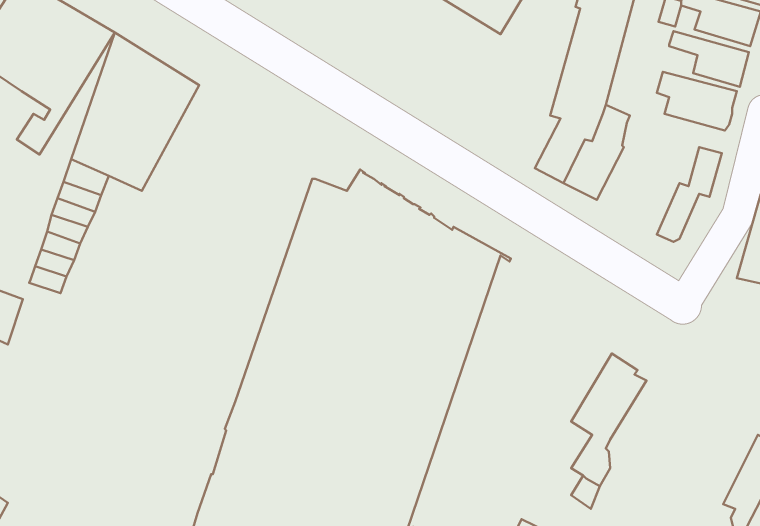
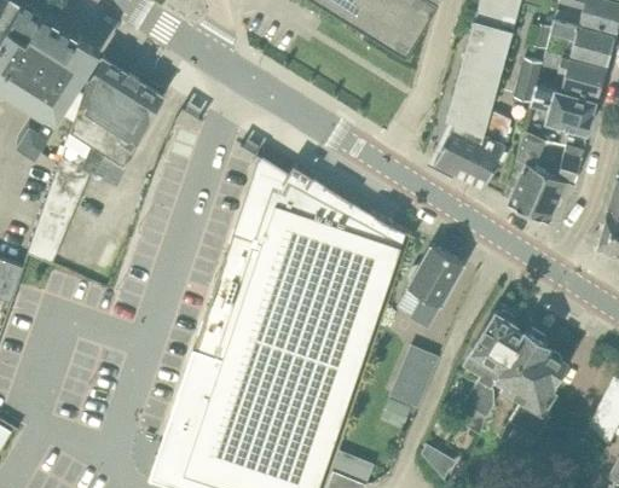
building: none -> [513,59,542,103]
building: none -> [508,133,550,216]
building: none -> [407,245,464,329]
building: none -> [494,330,566,437]
building: none -> [391,347,438,407]

